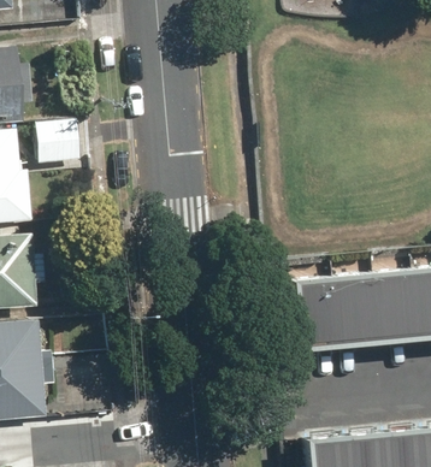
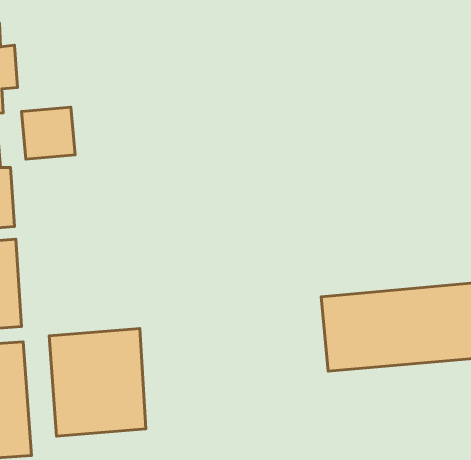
building: none -> [49,328,146,436]

